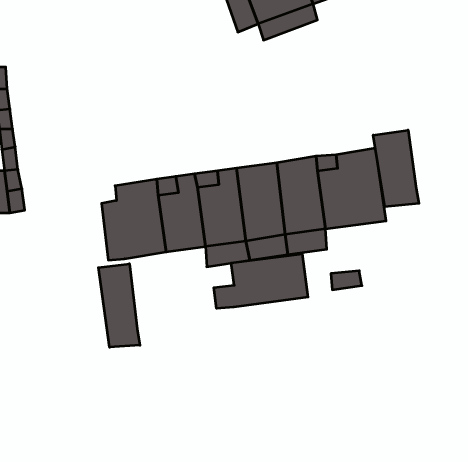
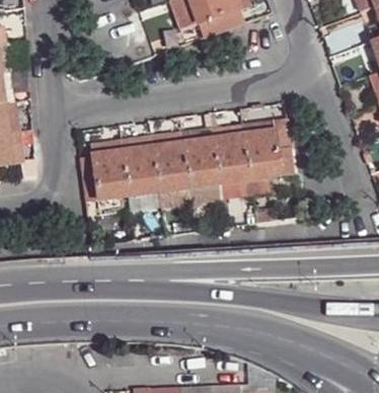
building: [373,130,419,207] -> none
building: [214,254,308,308] -> none
building: [98,264,140,347] -> none

